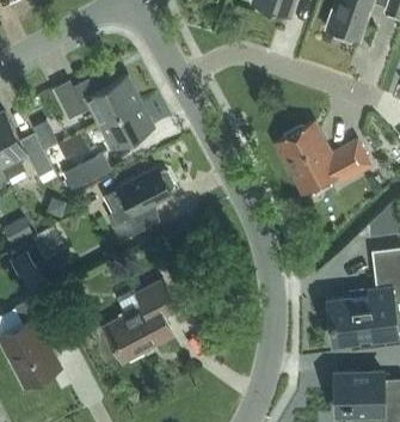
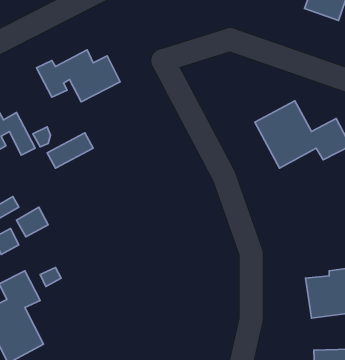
building: [99,104,153,151] -> none
building: [104,170,174,243] -> none
building: [106,281,178,362] -> none

